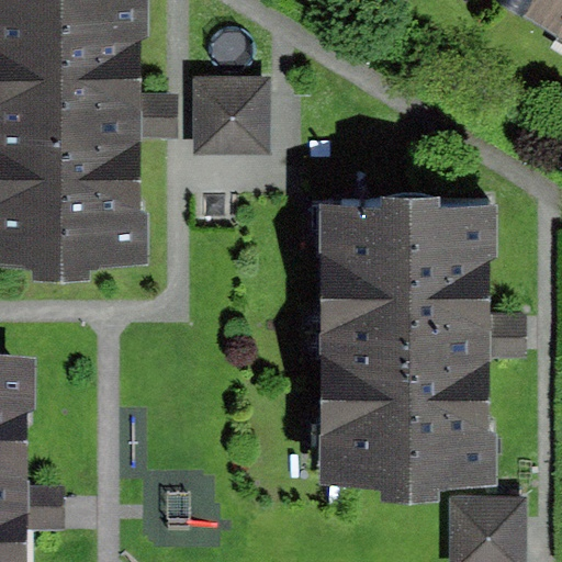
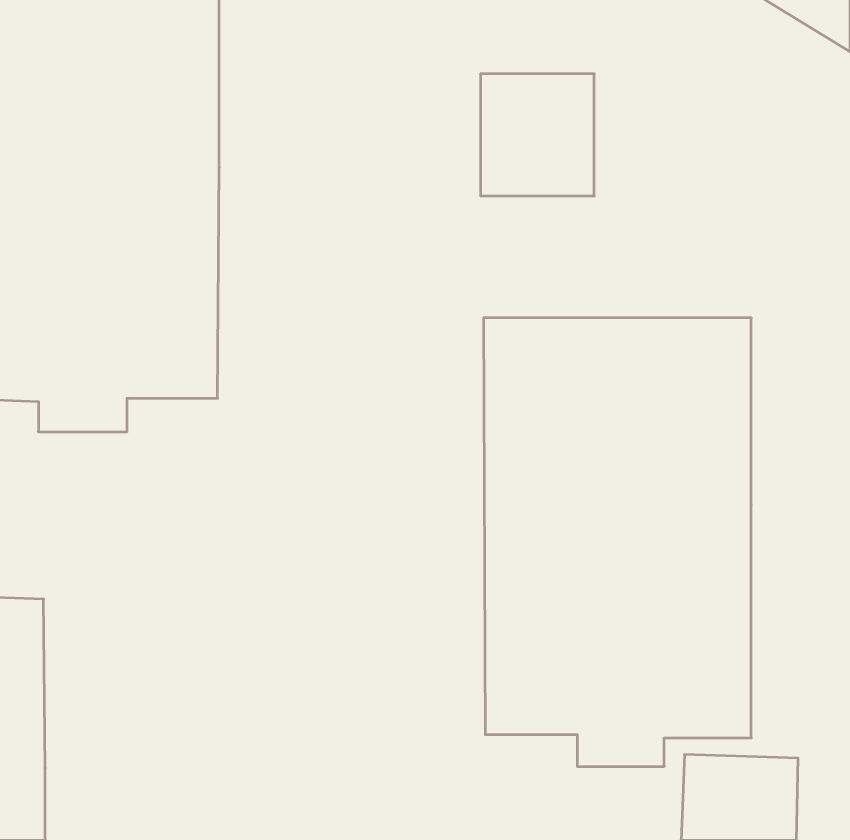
building: [192,69,267,149] -> [481,74,594,196]

